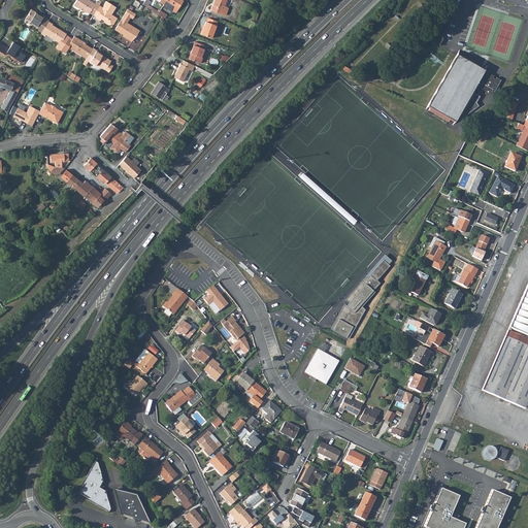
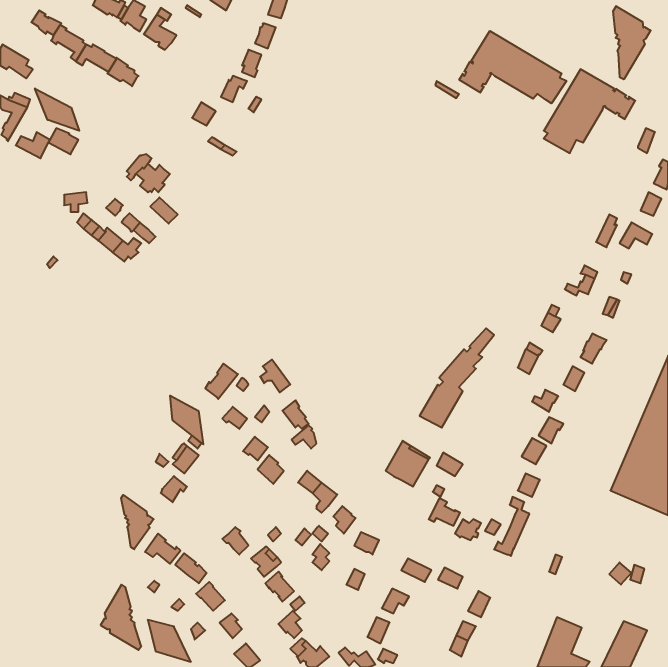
building: none -> [613,6,651,79]
building: none -> [459,31,566,103]
building: none -> [35,88,79,131]
building: none -> [170,396,203,444]
building: [166,386,201,411] -> none
building: none -> [121,495,154,549]

